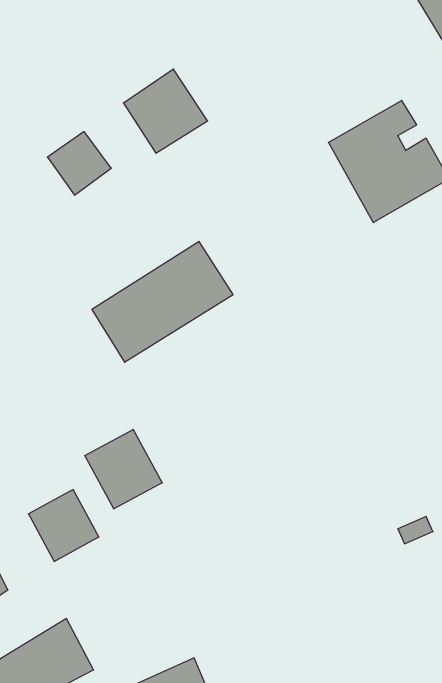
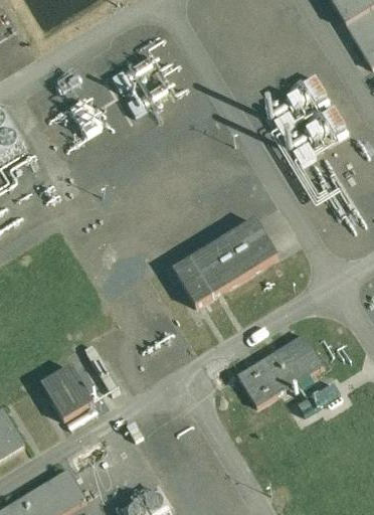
building: [92,242,233,362] -> [172,218,276,308]
building: [85,429,162,509] -> none
building: none -> [240,337,327,409]

